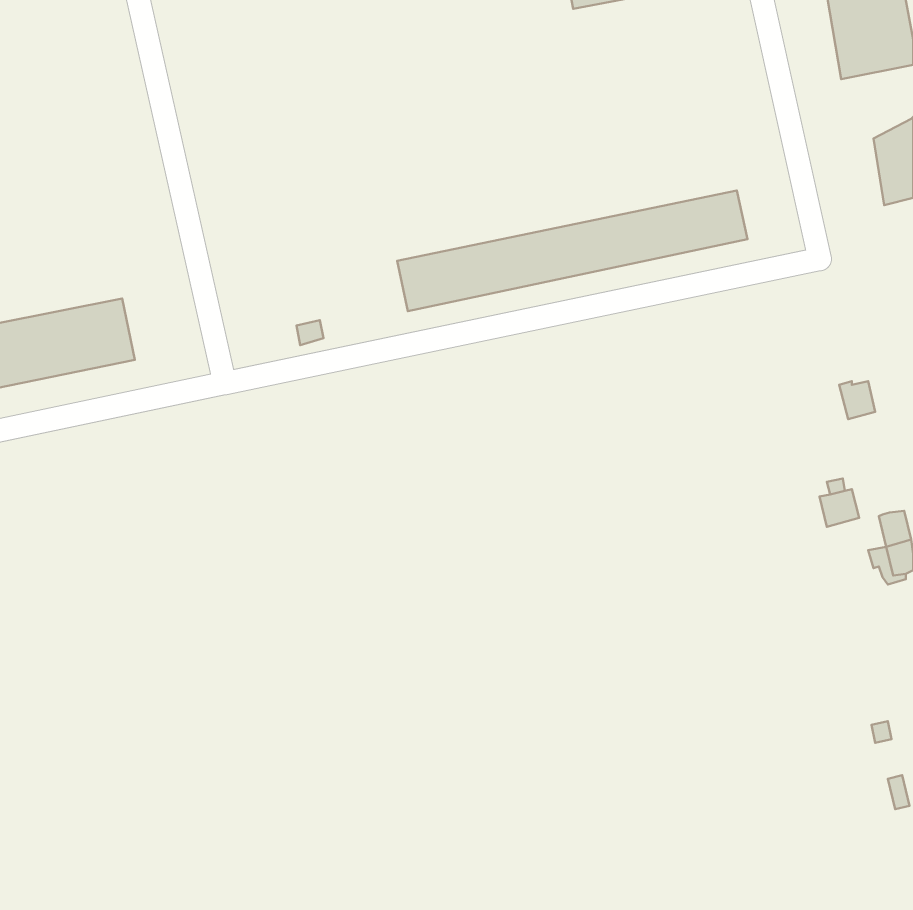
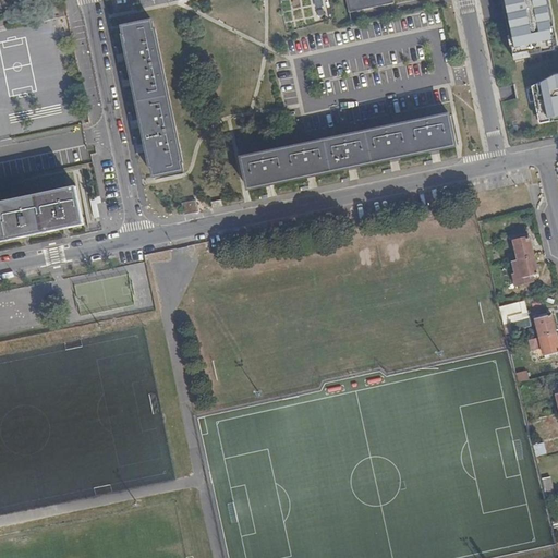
building: none -> [121,15,183,171]
building: none -> [508,250,535,279]

